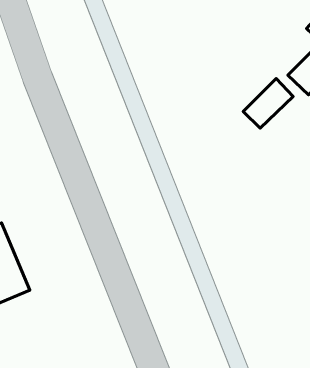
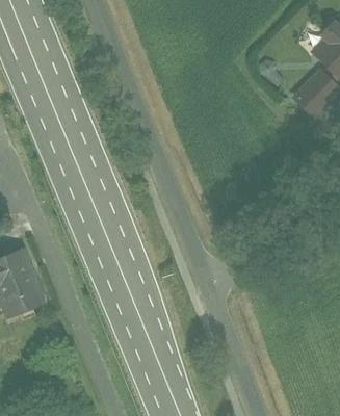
building: [243,78,293,128] -> none

